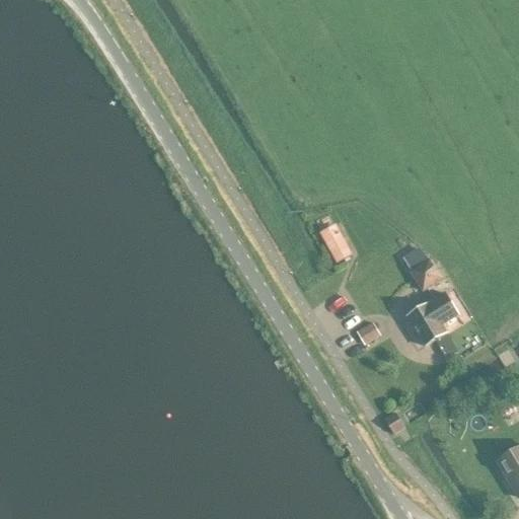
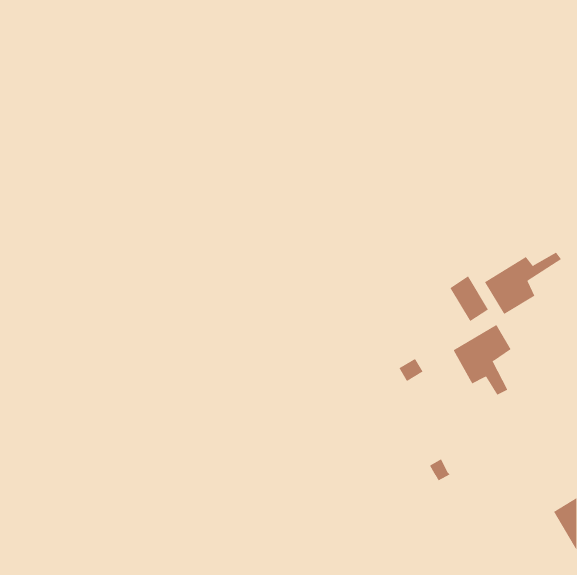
building: [319,222,351,261] -> none
building: none -> [484,252,562,315]

